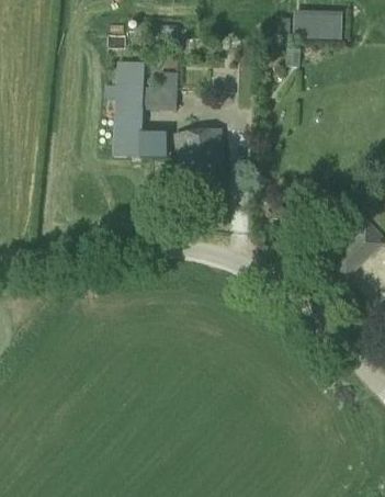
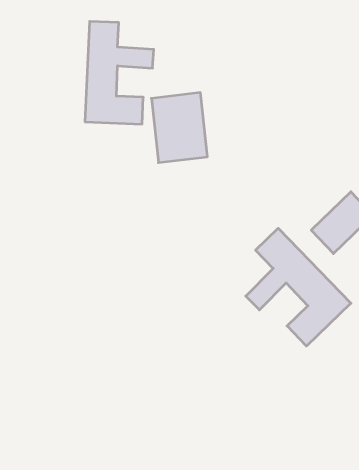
building: none -> [246,228,351,346]

